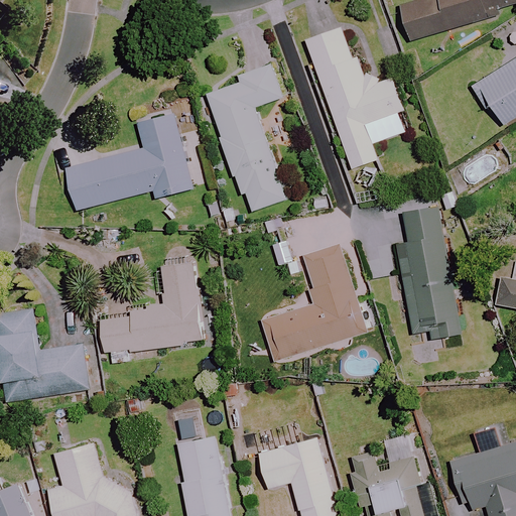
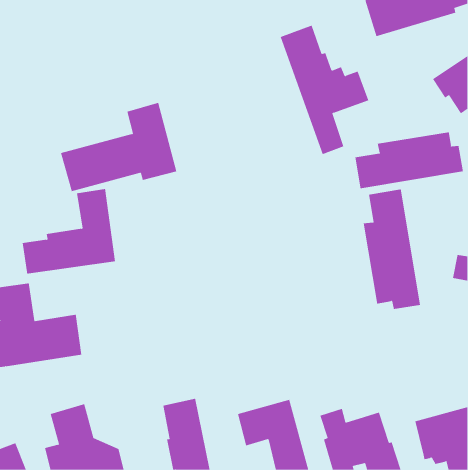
building: [206,63,285,212] -> none
building: none -> [355,132,463,189]
building: [260,245,366,362] -> none
building: [101,261,204,355] -> [22,189,116,274]

